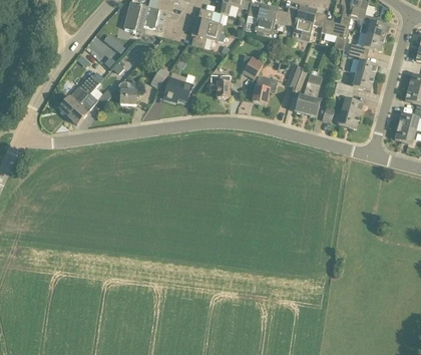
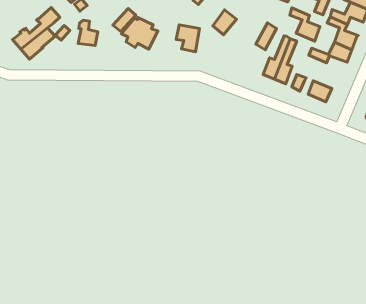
building: [252,74,277,103] -> none
building: [333,87,362,115] -> [290,8,320,41]

